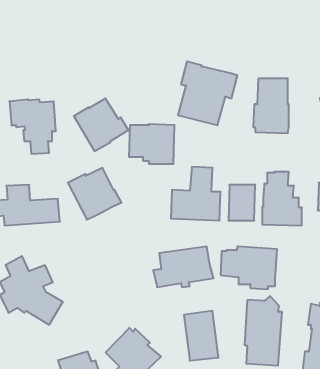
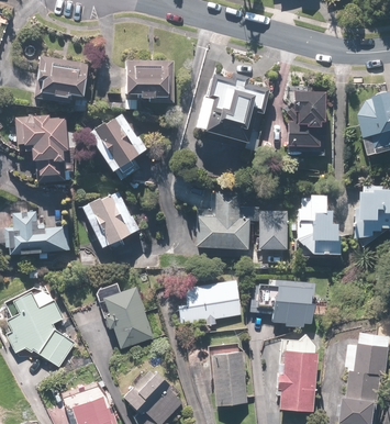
building: none -> [33,56,89,104]
building: [129,124,175,164] -> [124,59,175,103]
building: none -> [101,284,153,347]

